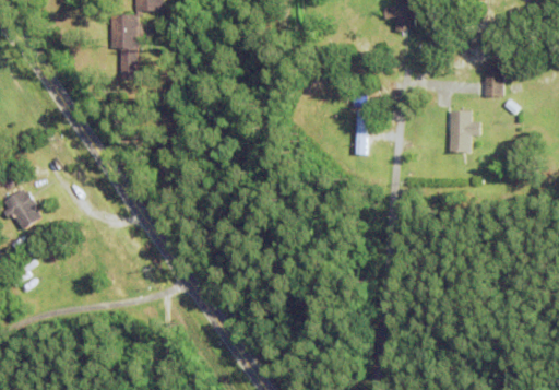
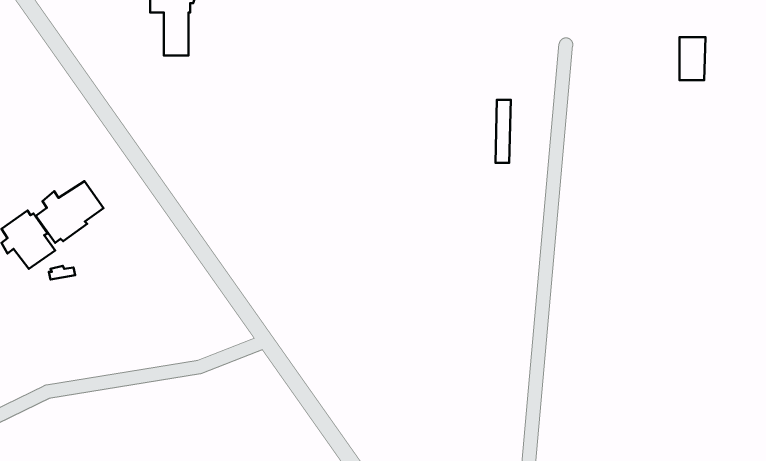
building: [451,111,473,152] -> none
building: none -> [36,181,104,243]

